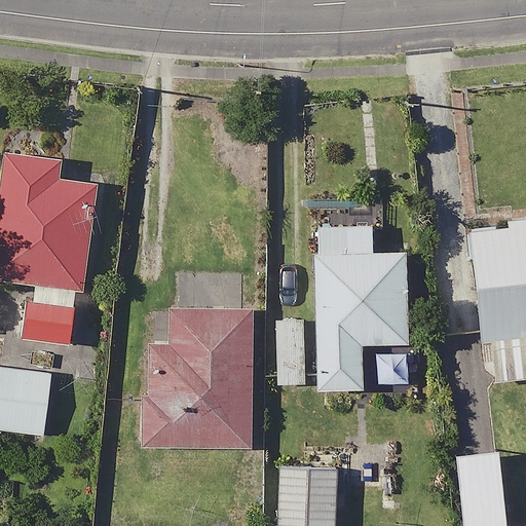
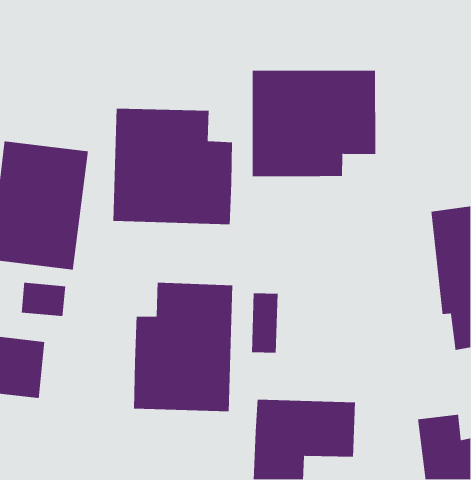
building: none -> [252,70,376,177]
building: none -> [113,108,233,225]
building: [316,228,408,393] -> none

